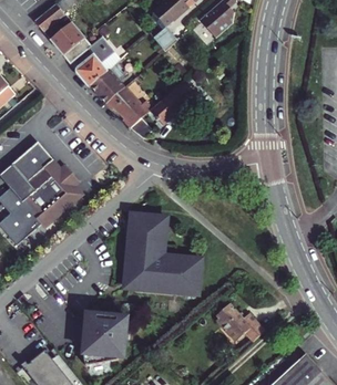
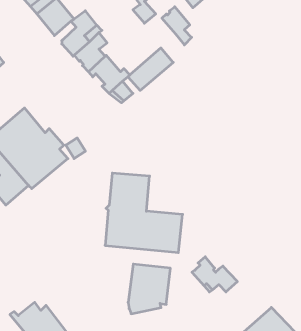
building: none -> [162,7,192,45]
building: [83,312,129,365] -> [128,264,170,314]

